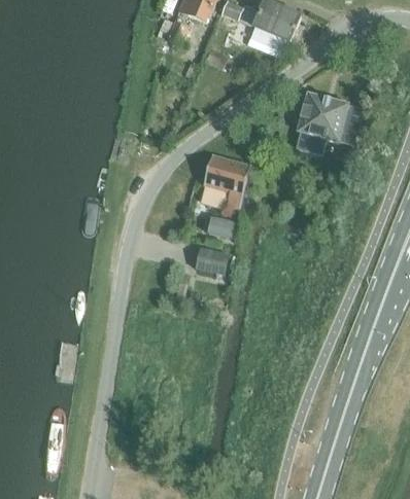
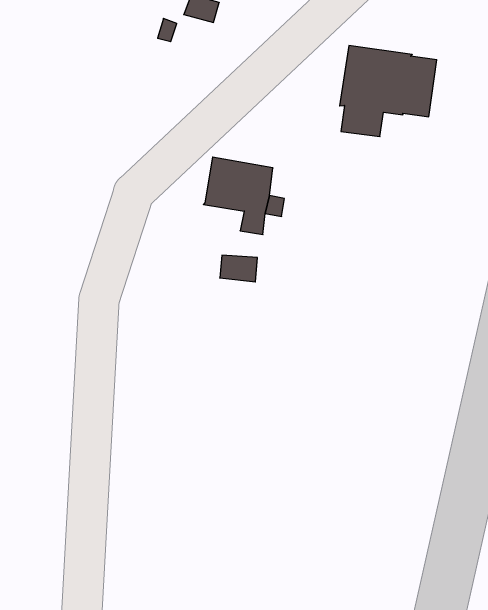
building: [196,248,227,273] -> none

